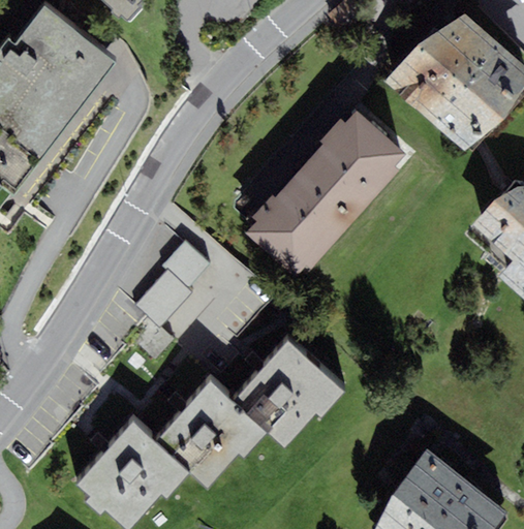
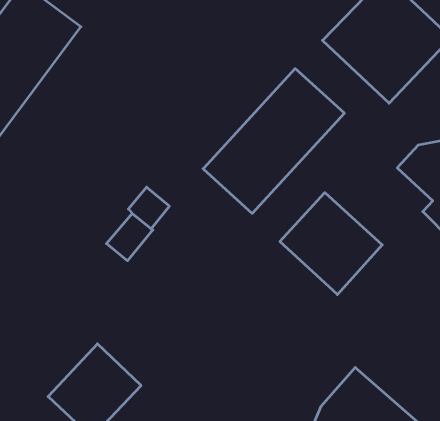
building: none -> [280,193,382,295]
building: [230,336,338,443] -> none
building: [156,381,257,484] -> none

